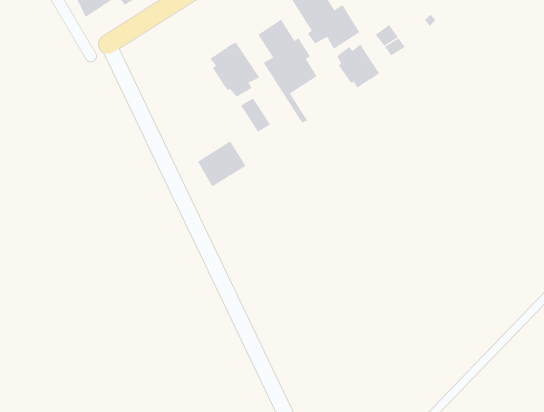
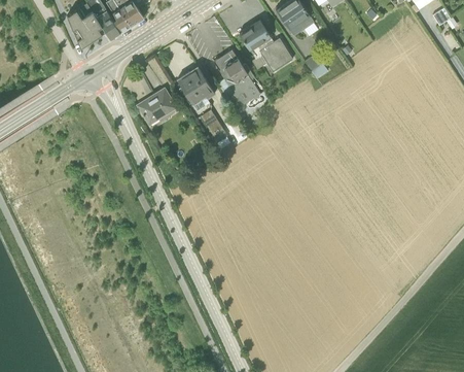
building: [336,43,380,89] -> none
building: [197,141,246,187] -> [139,89,177,125]

